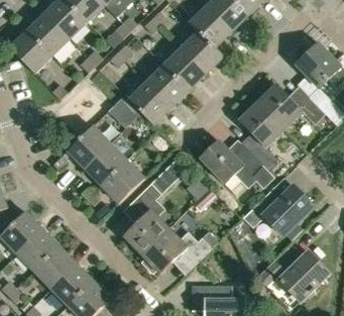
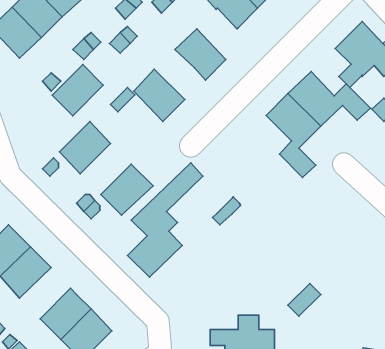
building: [181,30,223,73] -> none
building: [145,65,188,106] -> none
building: [200,139,271,185] -> none
building: [84,142,126,185] -> [52,65,103,116]
building: [242,185,312,233] -> none
building: [141,227,218,273] -> none
building: [33,245,76,288] -> none
building: [278,250,328,300] -> none

